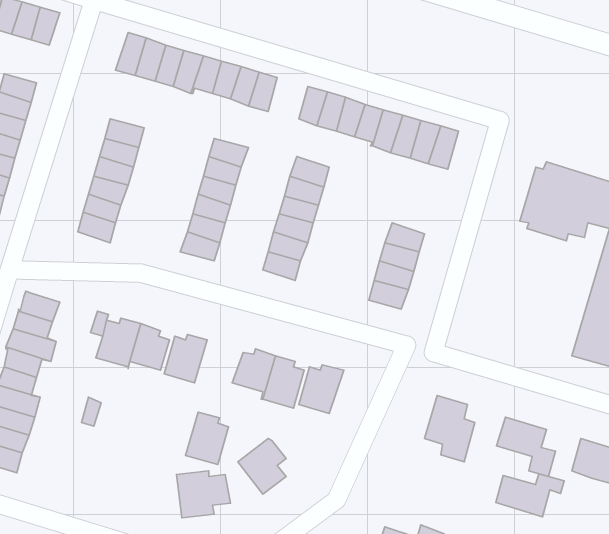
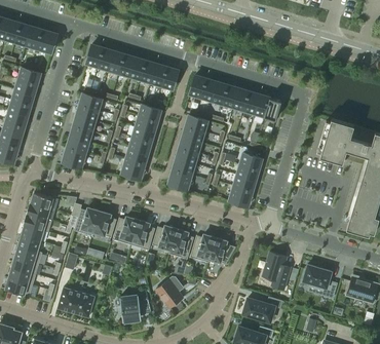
building: none -> [207,237,235,264]
building: [186,412,229,464] -> [130,220,155,250]
building: none -> [58,288,94,317]
building: [496,474,564,517] -> [243,297,282,321]

